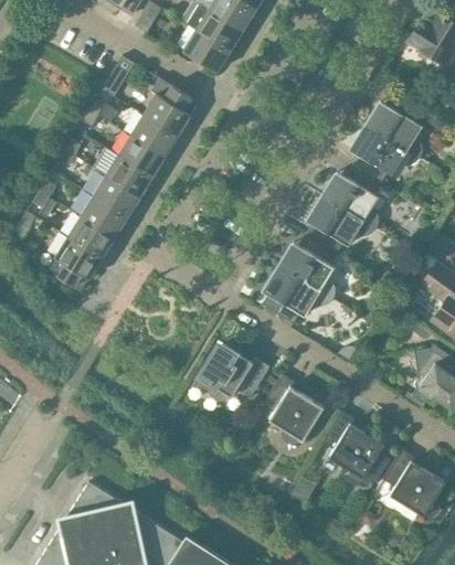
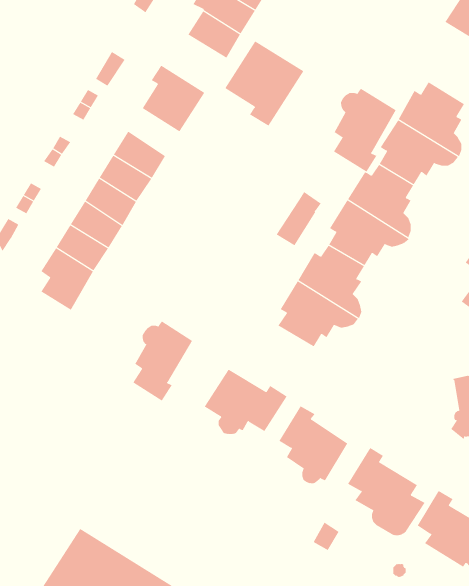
building: none -> [225,40,304,127]
building: none -> [333,88,396,172]
building: [130,115,176,157] -> none
building: none -> [276,191,322,246]
building: none -> [133,321,193,401]

